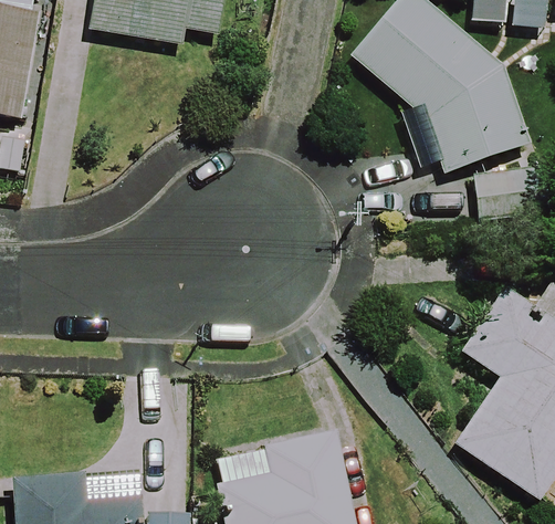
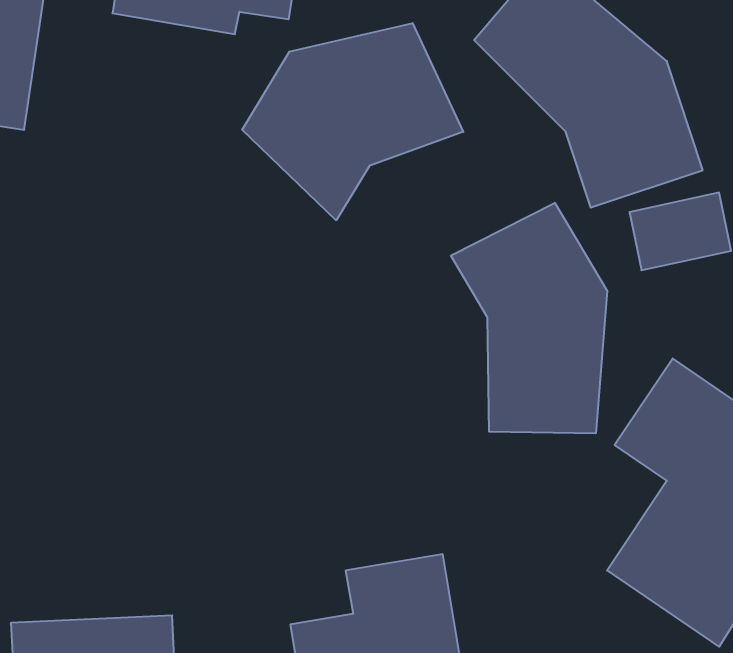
building: none -> [242,23,463,220]
building: none -> [451,203,607,433]

